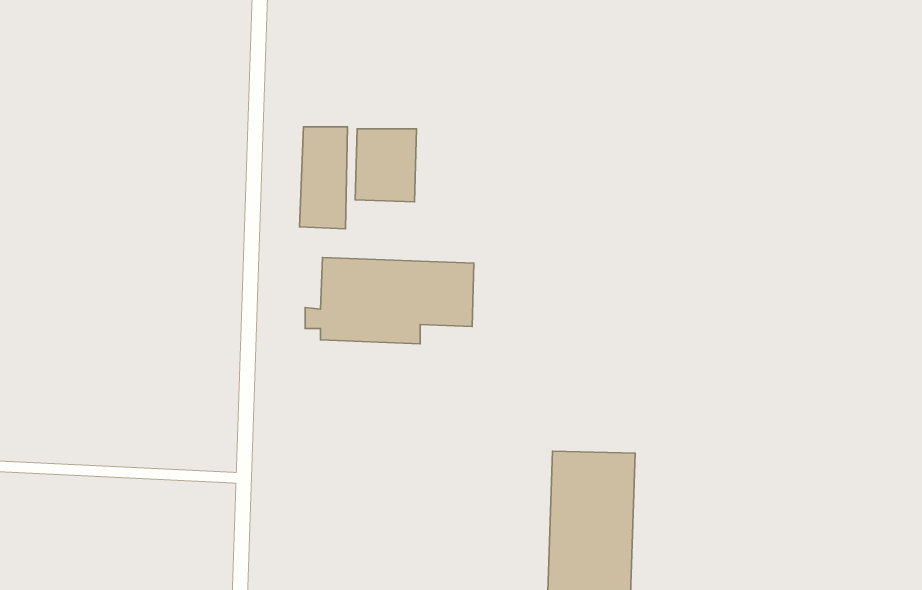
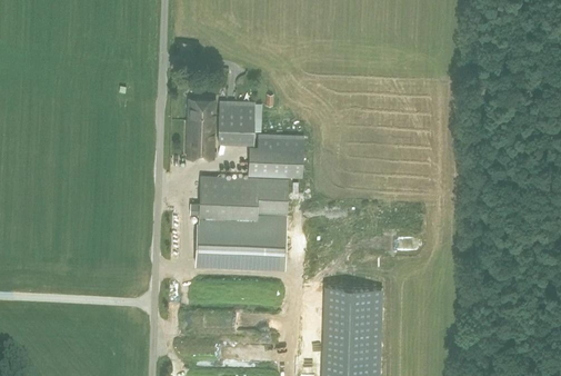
building: none -> [247,135,302,178]
building: none -> [196,215,285,273]

